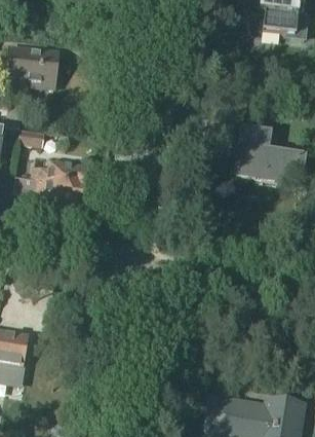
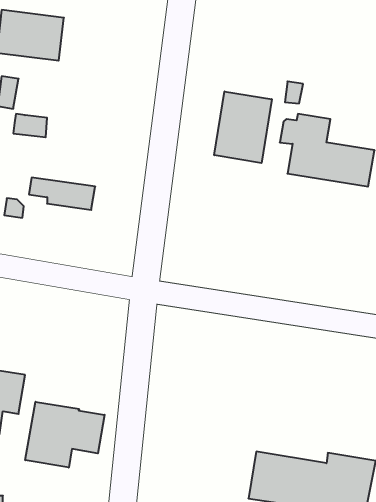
building: none -> [214,91,272,163]
building: [33,161,86,185] -> none
building: none -> [25,402,105,468]

